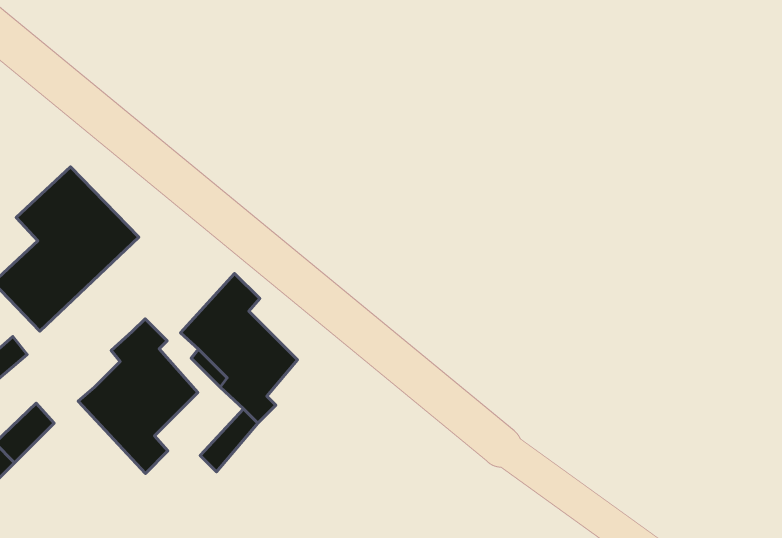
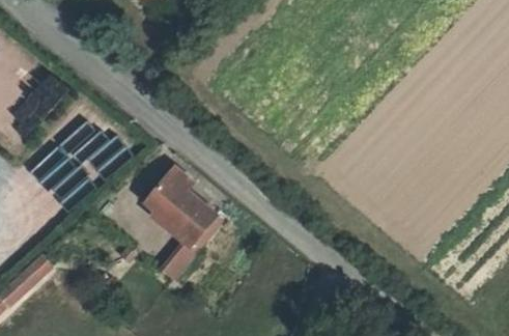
building: [78,319,198,473] -> none

